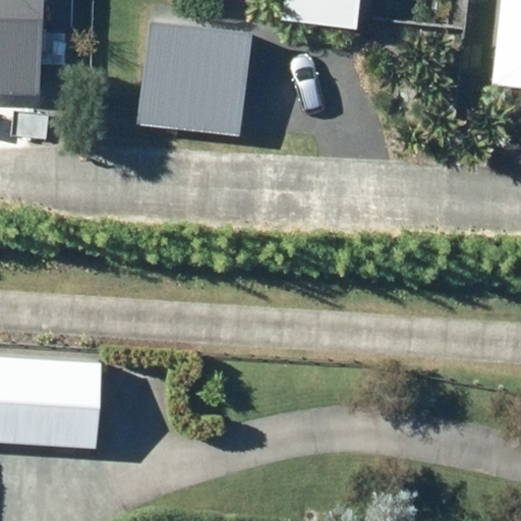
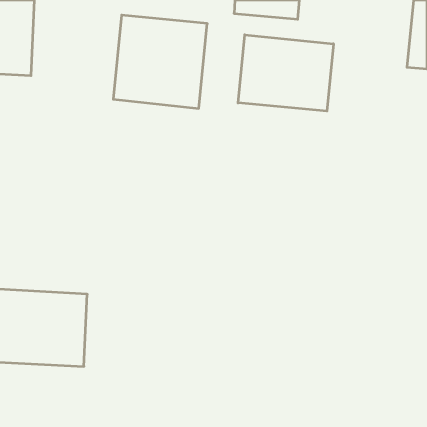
building: none -> [238,35,333,111]

